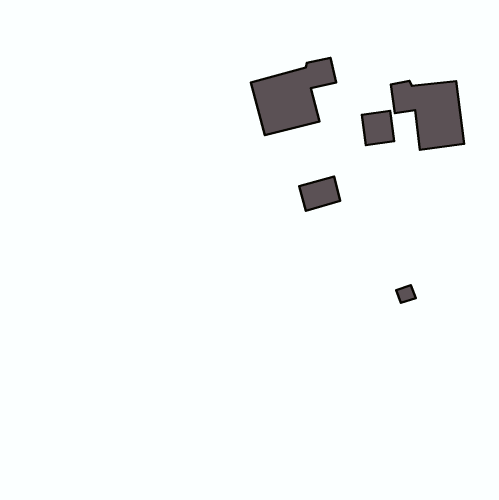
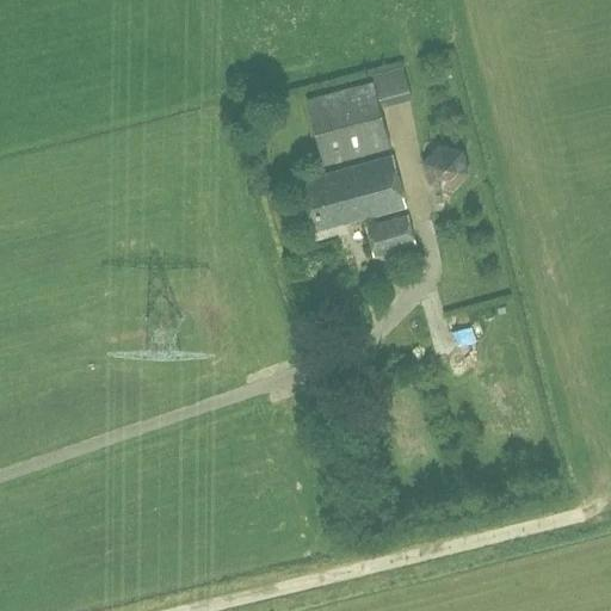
building: [391,81,464,150] -> none
building: none -> [296,155,405,233]

